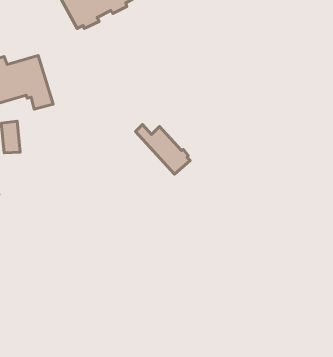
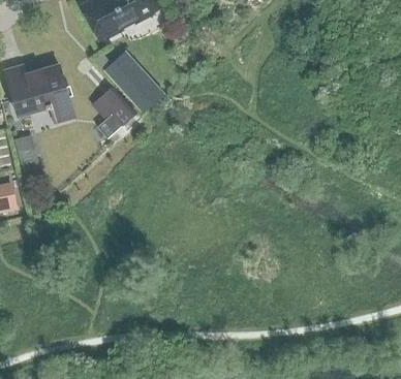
building: none -> [97,86,135,138]
building: [135,125,190,174] -> [95,53,152,104]

